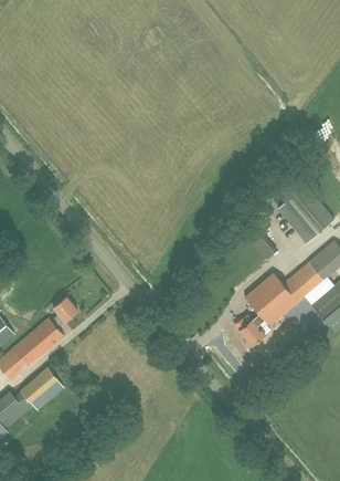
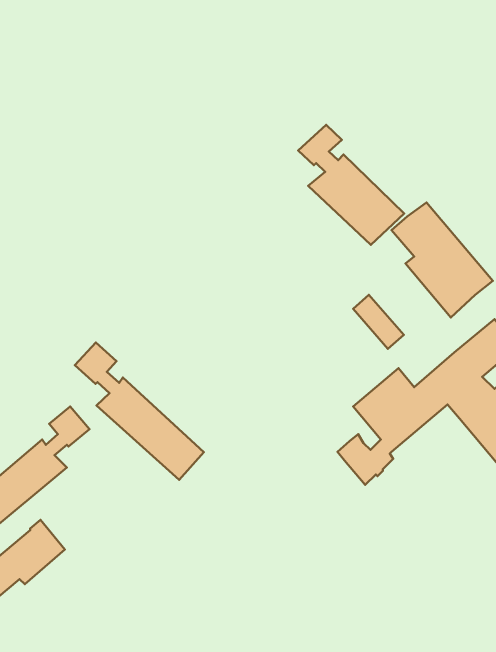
building: none -> [298,125,404,245]
building: none -> [75,343,204,480]

